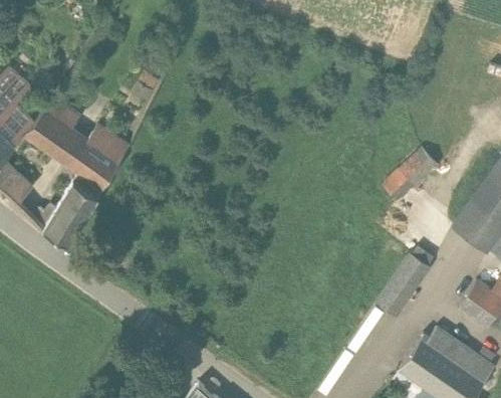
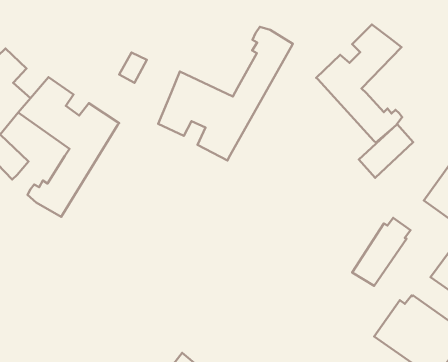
building: none -> [316,25,402,143]
building: none -> [158,27,293,160]

